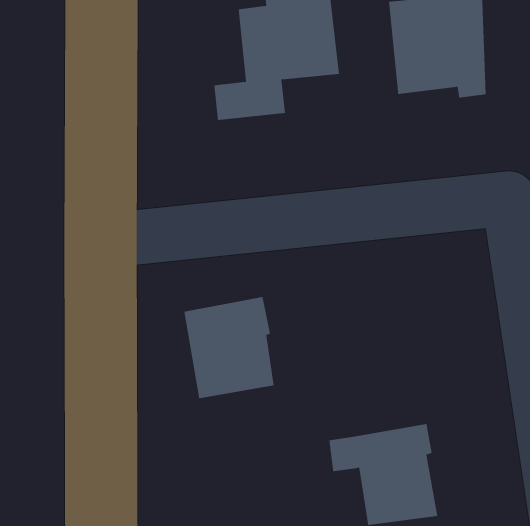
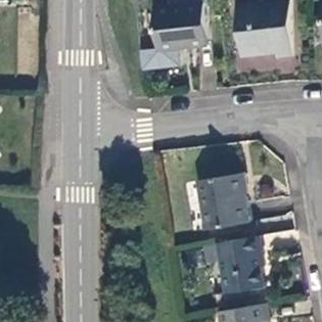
building: [184,296,274,399] -> [198,172,248,228]

